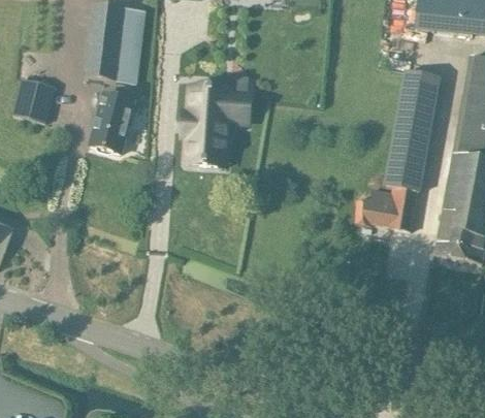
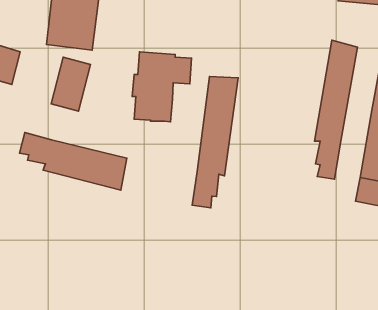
building: none -> [192,77,238,208]
building: none -> [19,132,127,190]
building: [355,187,394,227] -> none

